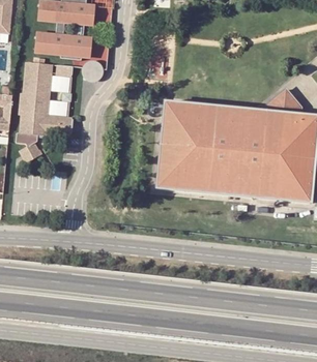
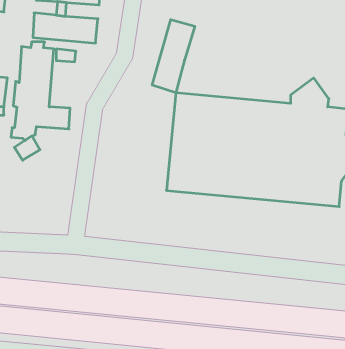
building: none -> [152,20,195,93]
building: [82,60,104,83] -> none

